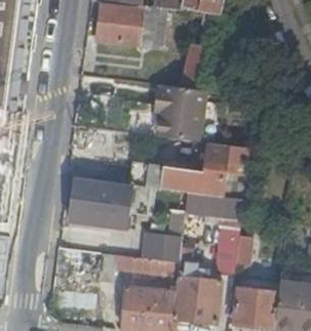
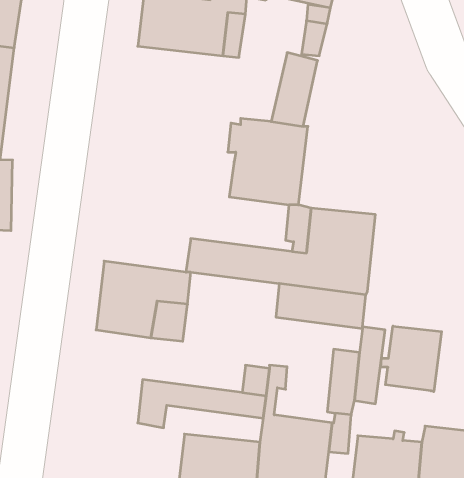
building: none -> [381,326,442,392]

